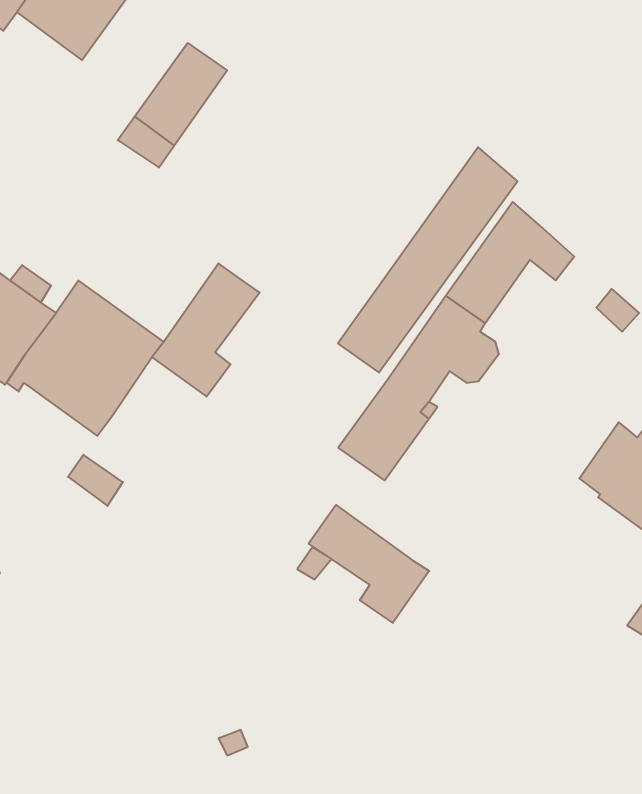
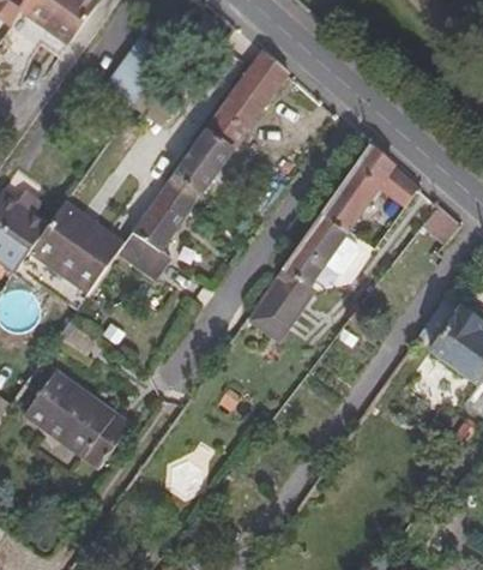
building: [338,147,517,373] -> [163,49,289,208]
building: [309,505,429,623] -> none
building: none -> [24,370,131,469]

